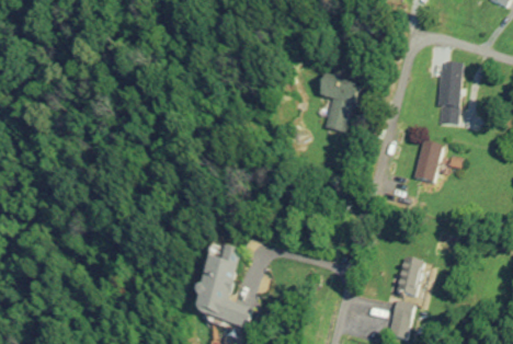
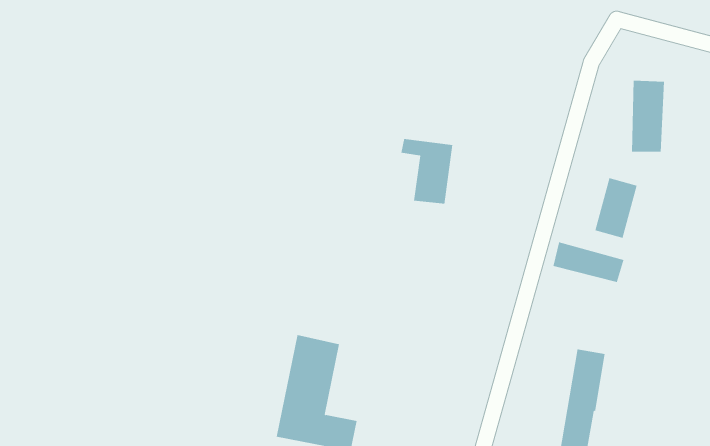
building: [318,85,354,130] -> [400,138,453,204]
building: none -> [553,242,624,283]

